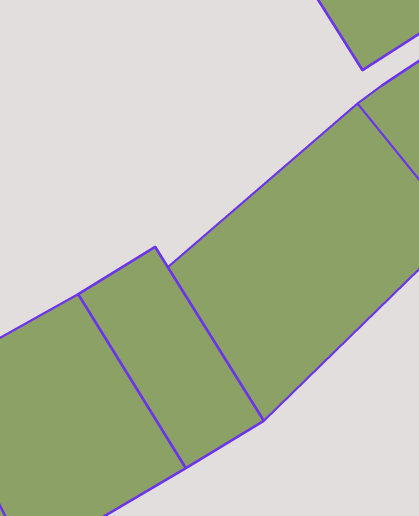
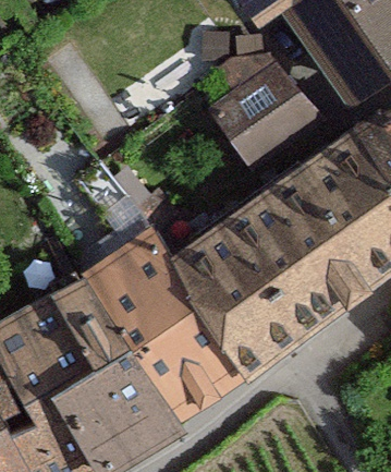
building: none -> [201,44,318,159]

